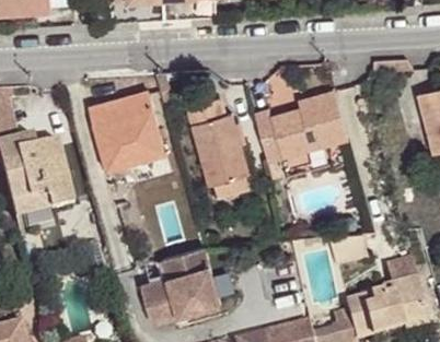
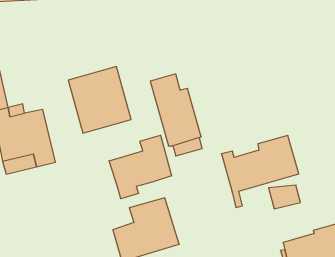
building: [255,89,348,175] -> [221,136,299,208]
building: none -> [109,135,172,199]

